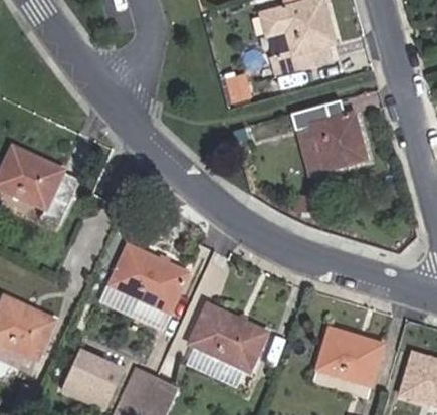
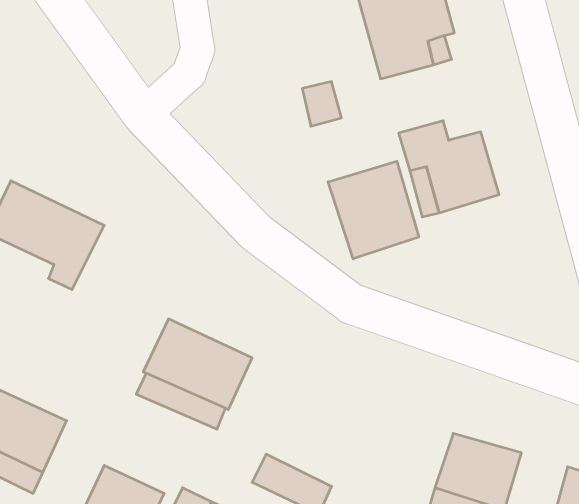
building: none -> [328,161,419,259]
building: [192,303,265,368] -> none

